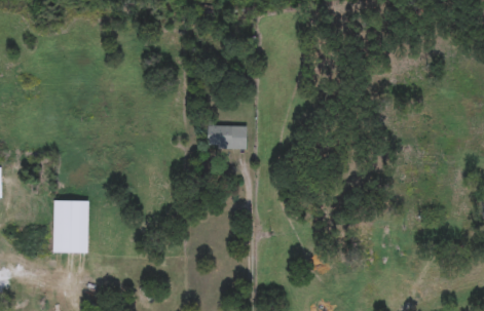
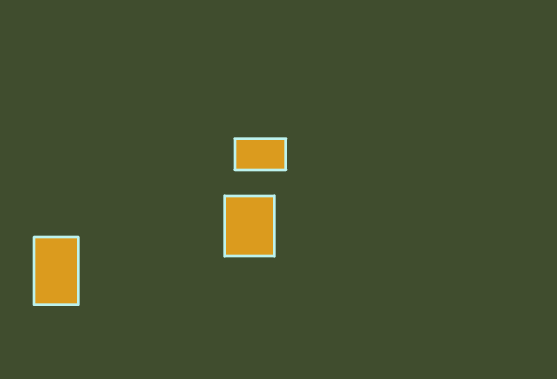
building: none -> [225,196,274,256]

